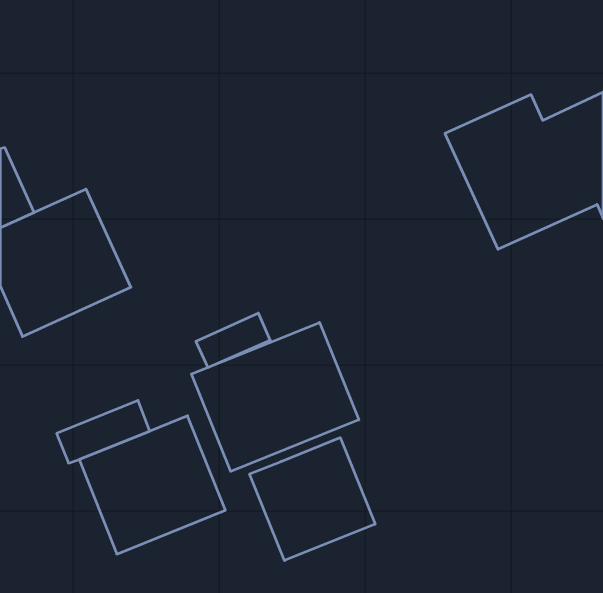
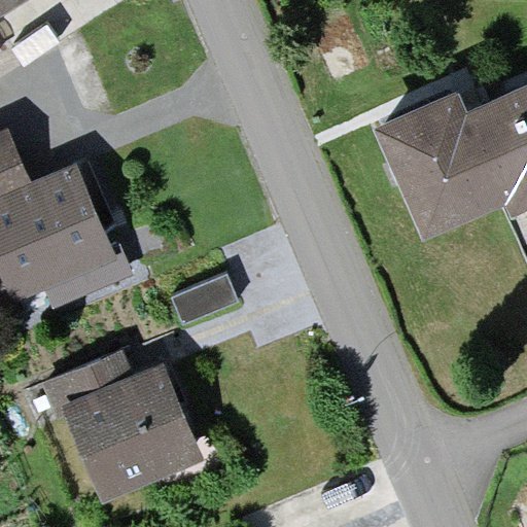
building: [191,322,359,471] -> none
building: [250,438,375,561] -> none

